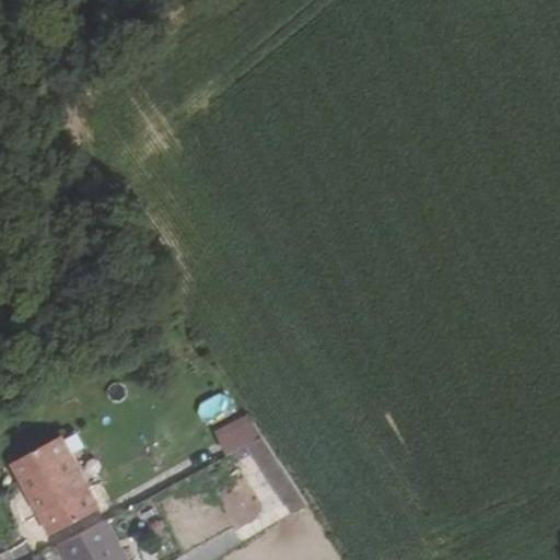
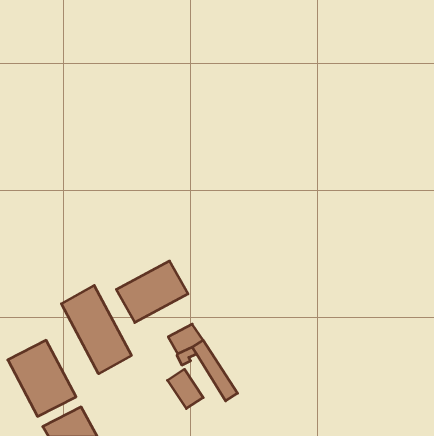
building: none -> [116,261,188,323]
building: none -> [61,285,131,374]

